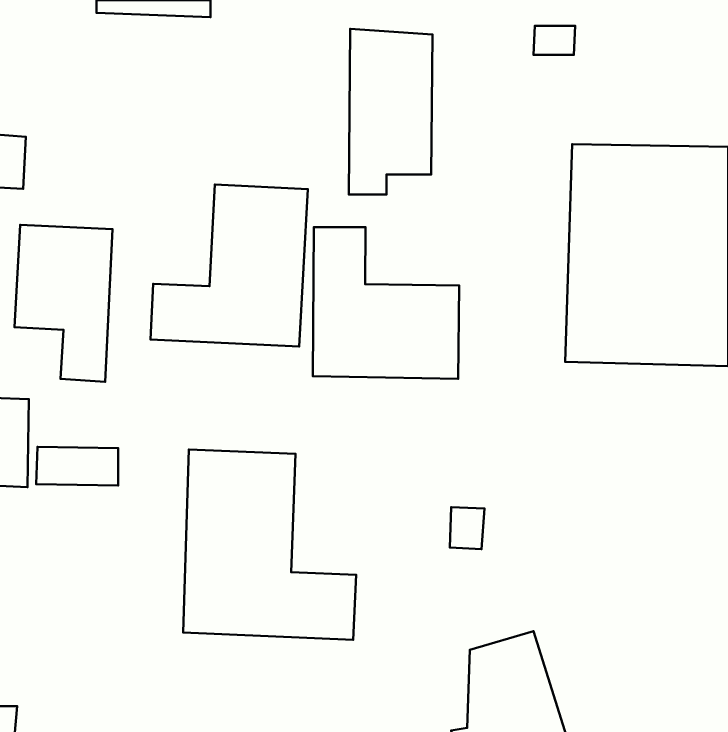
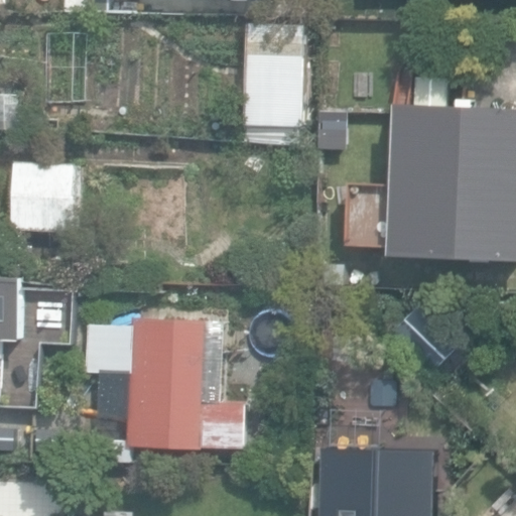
building: [151,185,308,346] -> none
building: [313,227,459,379] -> none

